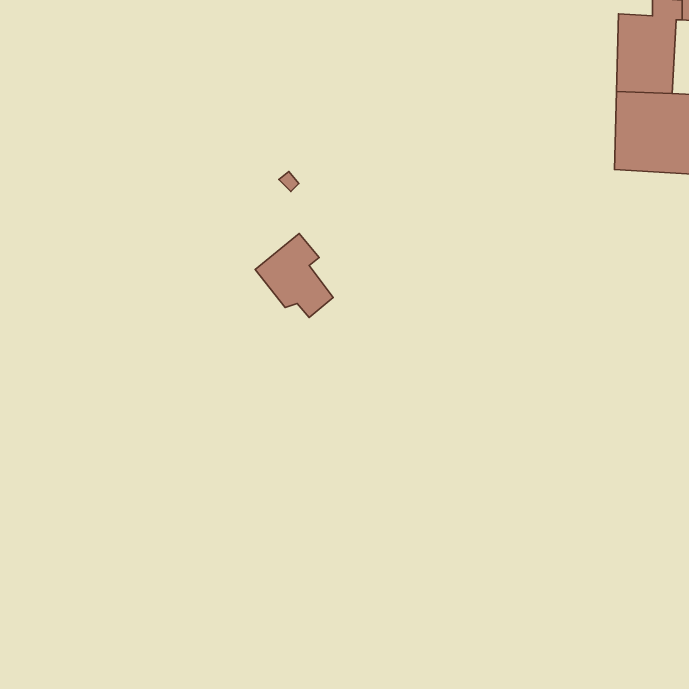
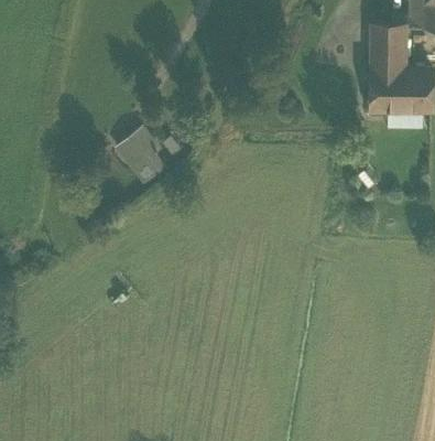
building: [255,234,333,317] -> [120,129,163,175]

